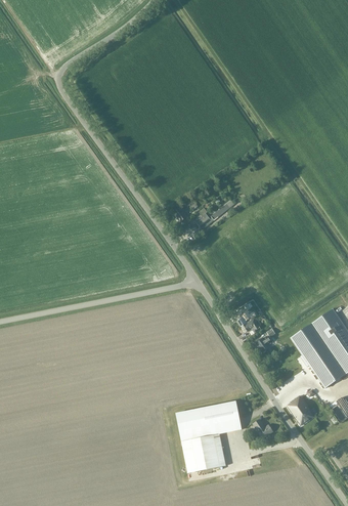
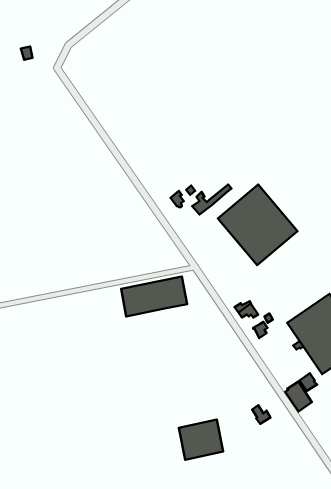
building: none -> [218,184,298,265]
building: [176,402,242,441] -> [121,276,187,317]

